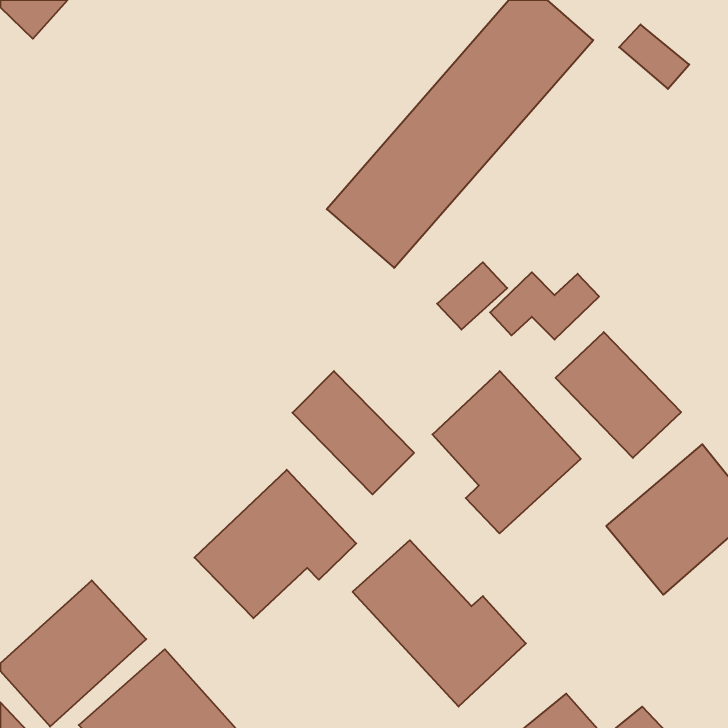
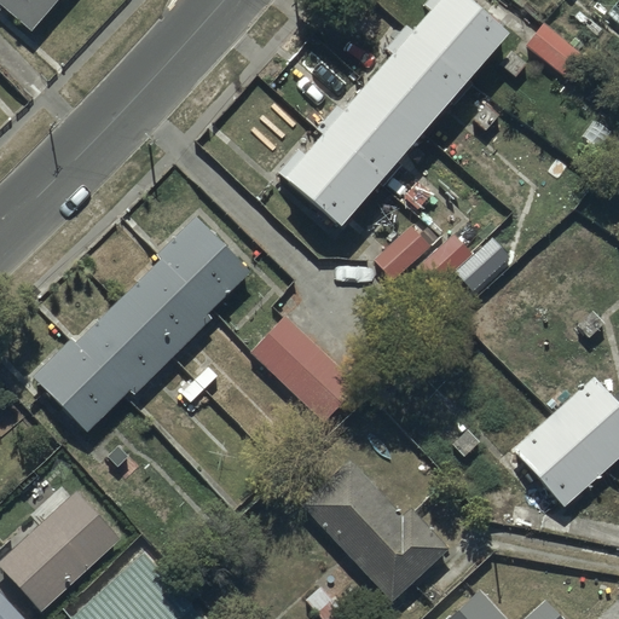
building: none -> [31,216,249,430]
building: [556,332,681,458] -> none
building: [432,371,581,533] -> none
building: [194,470,356,618] -> none

